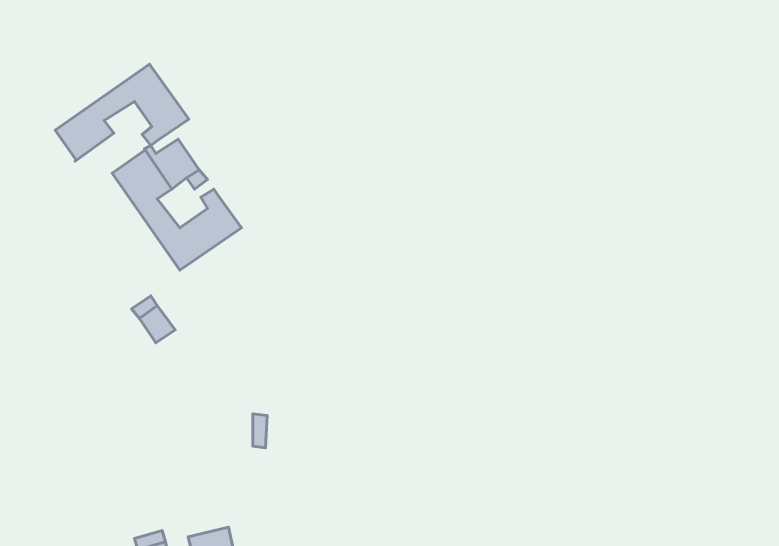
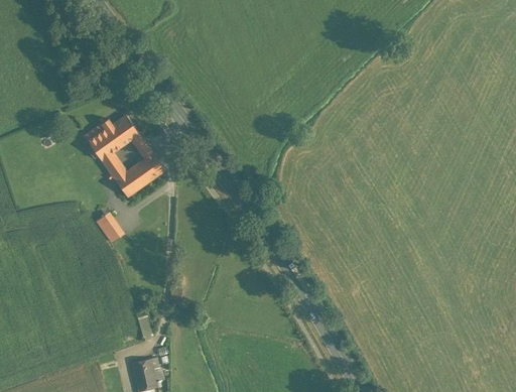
building: [55,64,189,161] -> none

